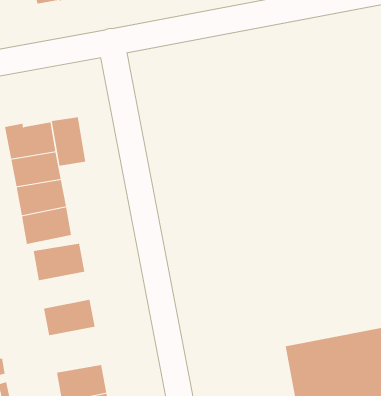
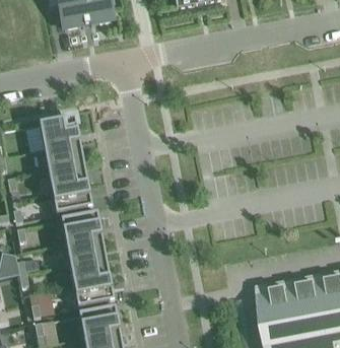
building: [51,117,86,166] -> none
building: none -> [65,234,106,263]
building: none -> [73,277,114,306]

